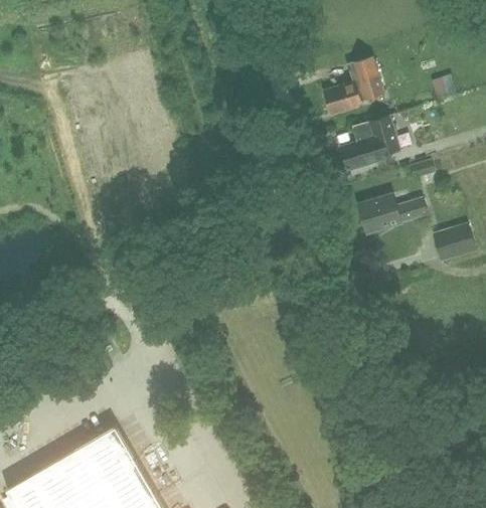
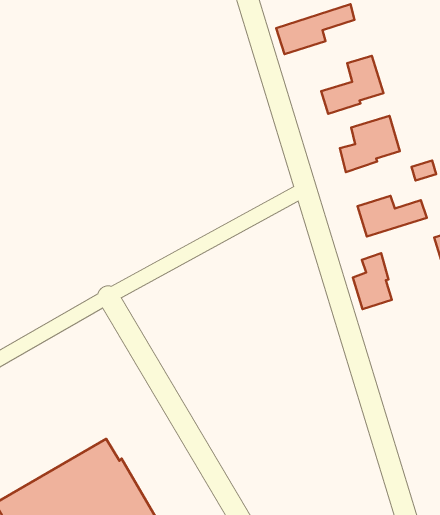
building: none -> [276,4,355,54]
building: none -> [353,253,392,309]

